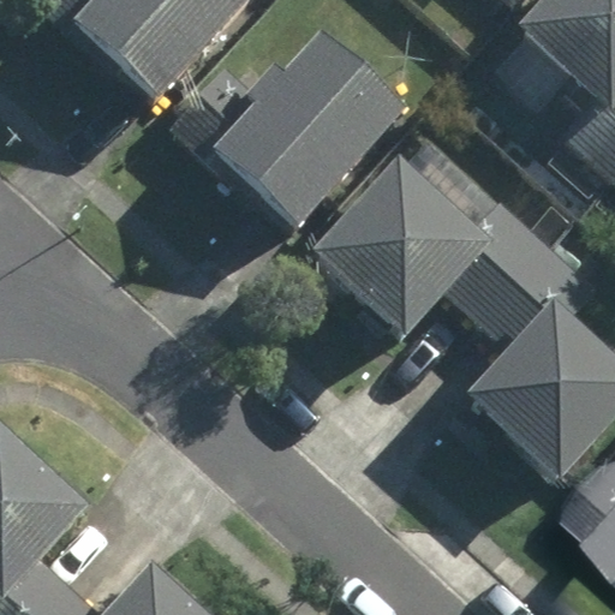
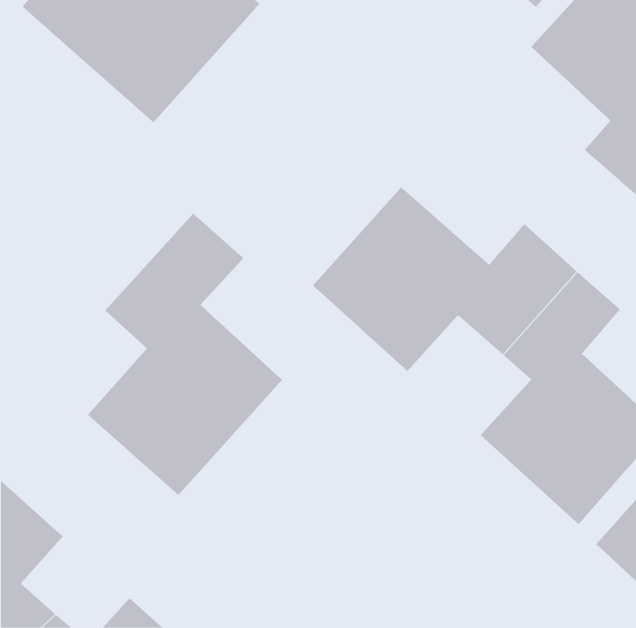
building: [178,55,400,244] -> none
building: none -> [87,213,283,496]

